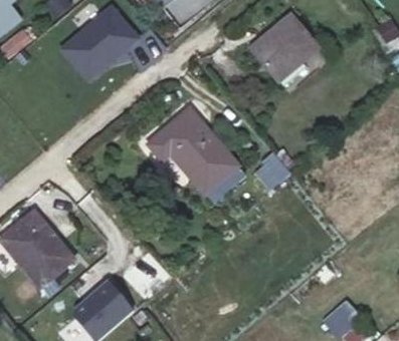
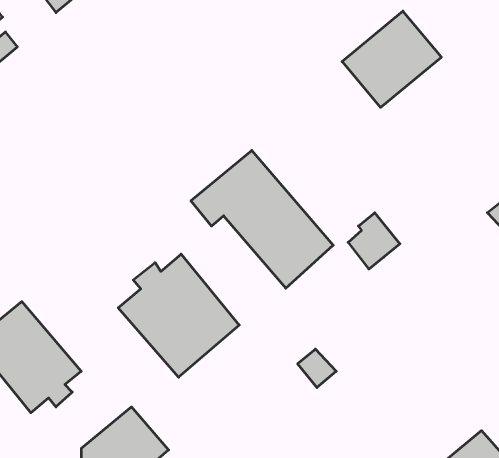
building: [55,11,133,85] -> none
building: none -> [118,254,239,377]

